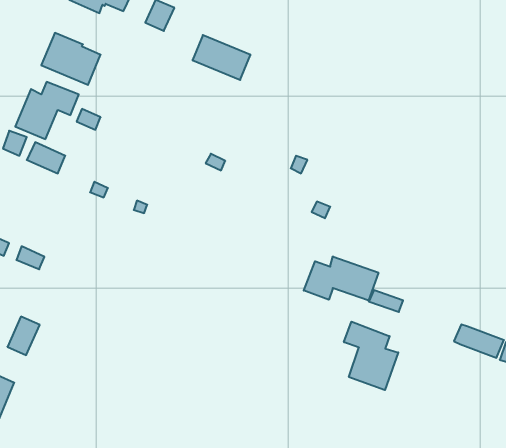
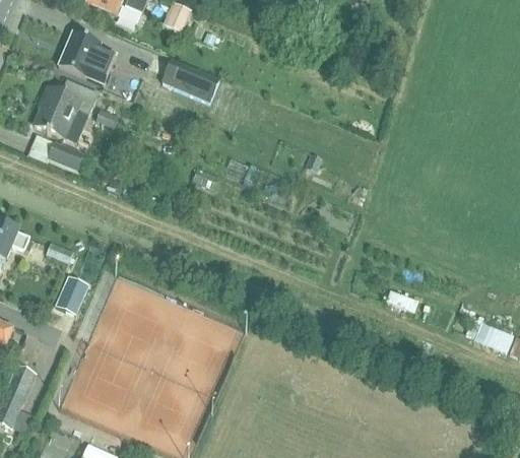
building: [192,35,251,80] -> [160,58,217,102]
building: [304,256,378,301] -> none
building: [7,317,40,355] -> [56,276,87,314]
building: [344,322,398,390] -> none

